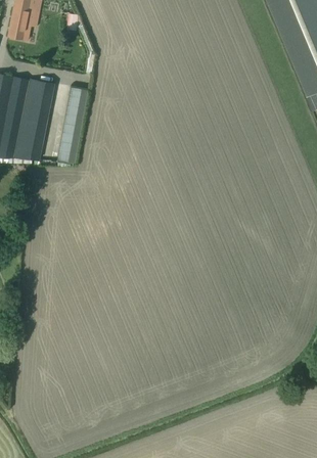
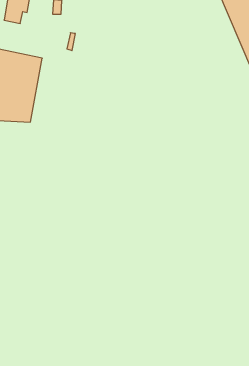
building: [57,87,88,163] -> none

